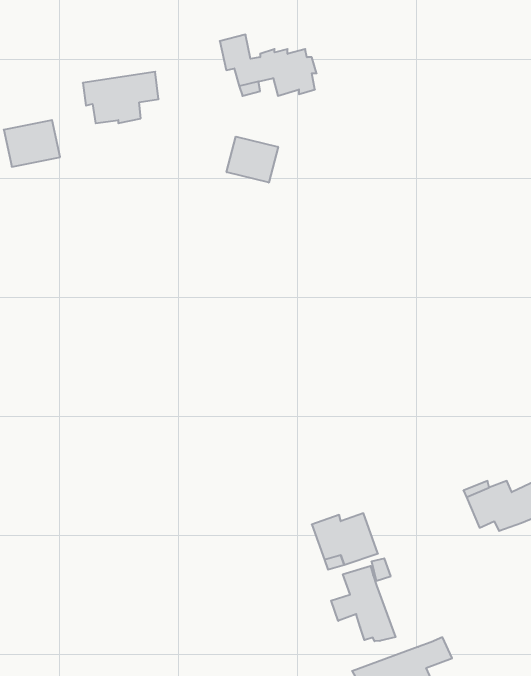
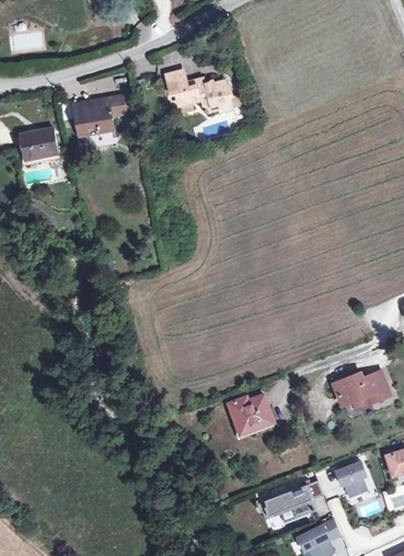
building: [227,137,278,183] -> none
building: [331,566,396,641] -> none
building: none -> [335,461,367,497]

